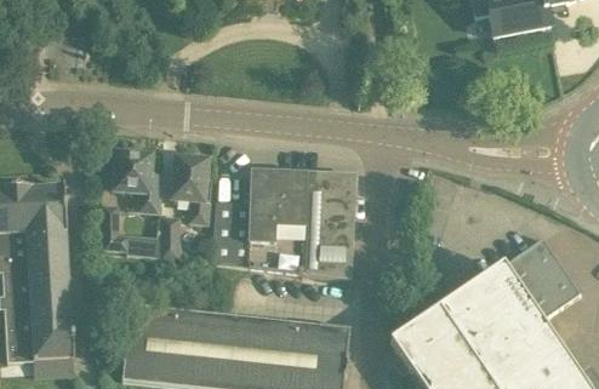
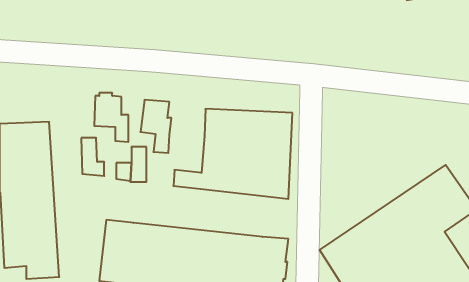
building: [212,201,249,247] -> none

